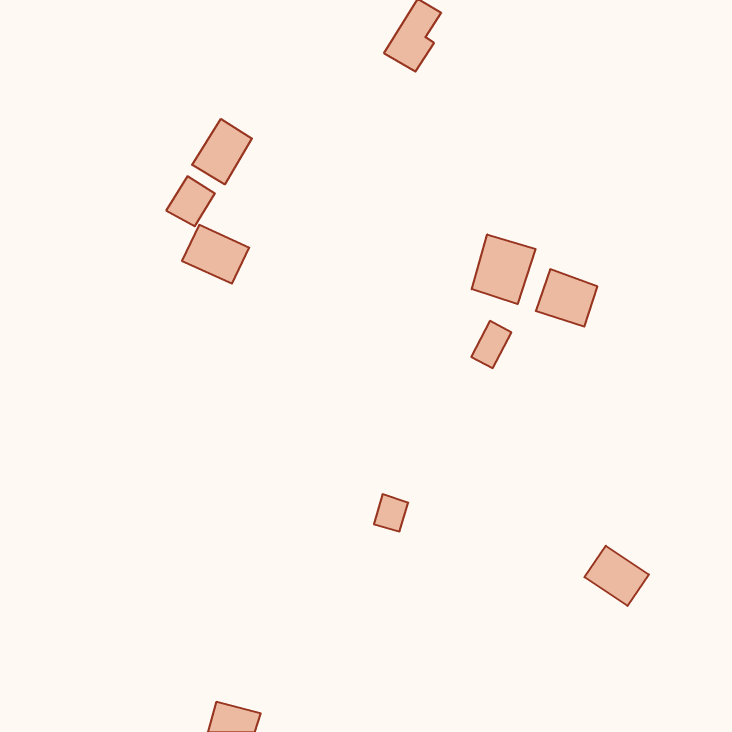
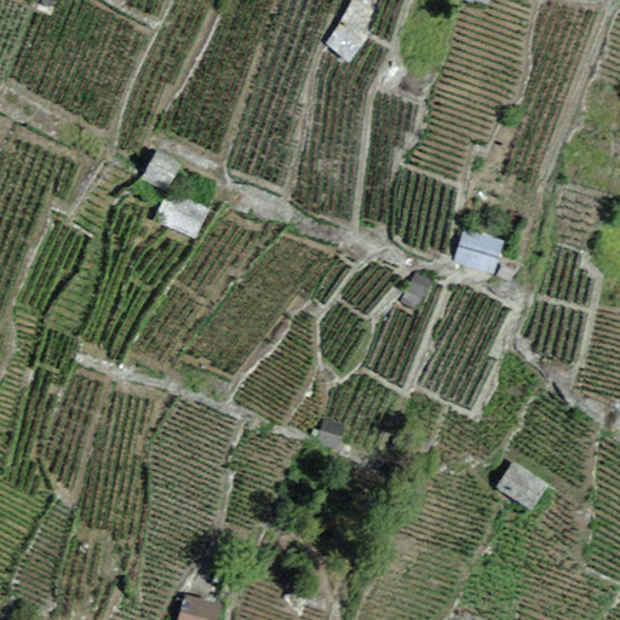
building: [192,119,252,184] -> none
building: [472,234,536,304] -> none

